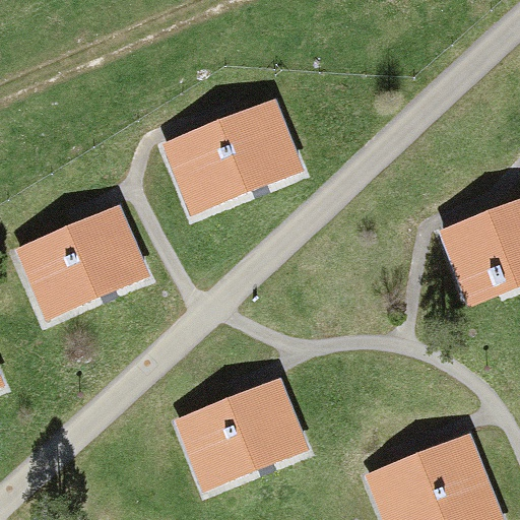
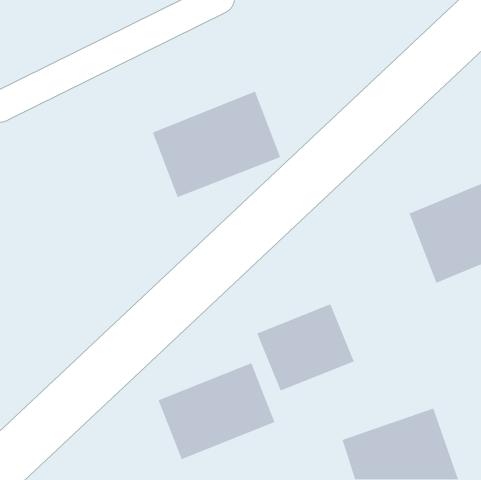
building: [18,205,145,311] -> none
building: none -> [256,303,355,392]

